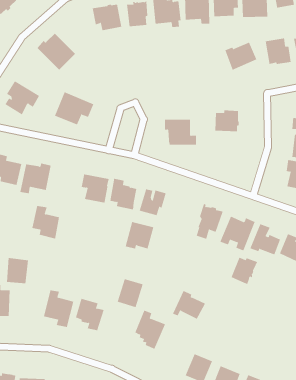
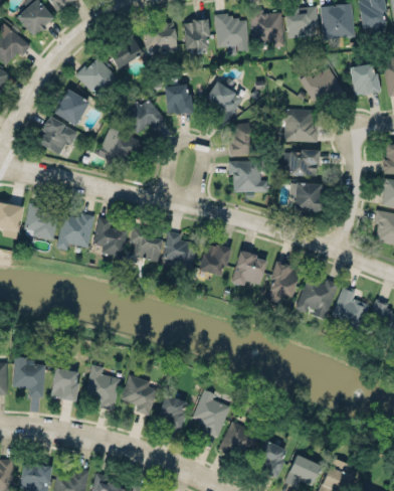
building: none -> [107,35,142,68]
building: none -> [206,81,243,122]
building: none -> [165,86,190,115]
building: none -> [54,91,89,127]
building: none -> [121,99,164,136]
building: none -> [278,109,318,142]
building: none -> [229,124,254,156]
building: none -> [288,182,322,212]
building: [31,206,60,239] -> [92,217,127,258]
building: [125,221,154,249] -> [231,253,266,286]
building: [231,257,258,285] -> none
building: [6,258,29,284] -> [51,369,78,400]
building: [117,278,144,308] -> [155,395,187,431]
building: [172,290,206,320] -> [219,422,259,457]

